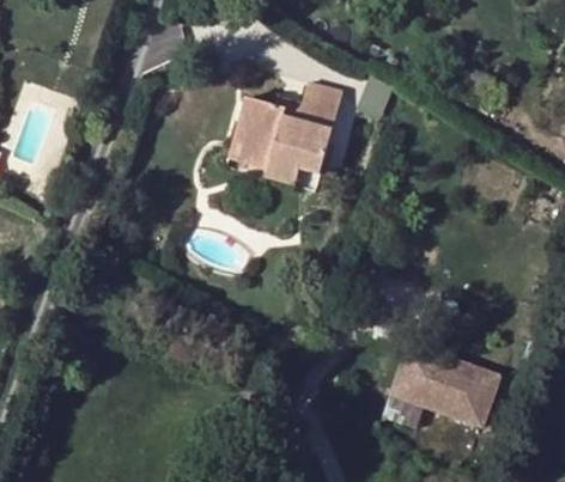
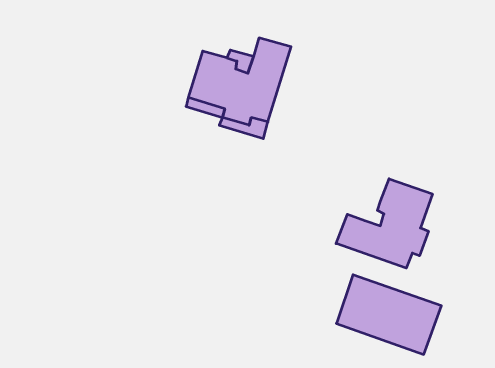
building: none -> [336,179,432,268]

